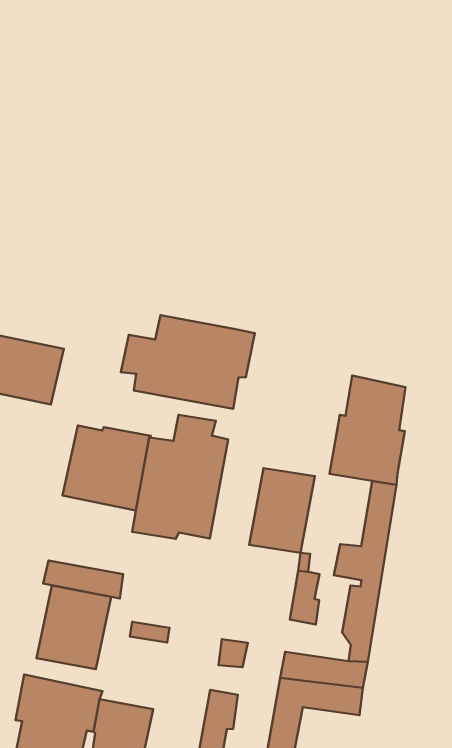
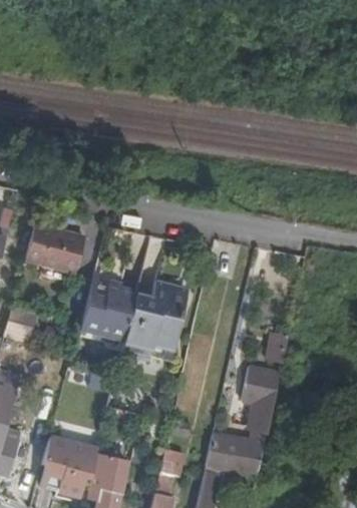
building: [121,315,255,409] -> none
building: [329,375,405,485] -> none
building: [249,468,315,553] -> none
building: [36,586,111,669] -> none

